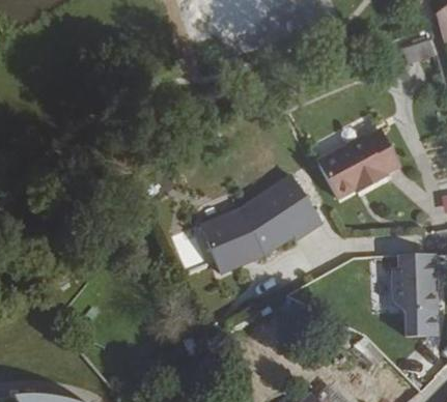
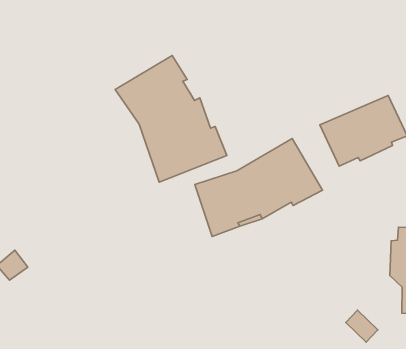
building: none -> [115,56,227,182]

